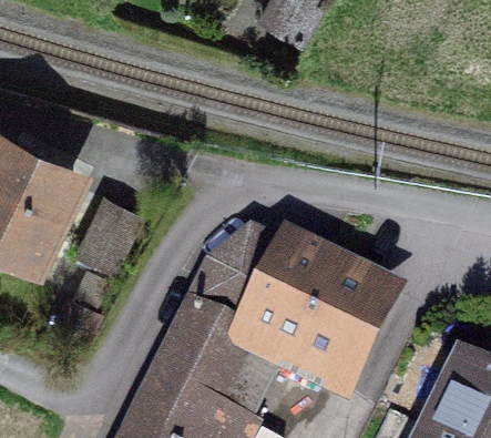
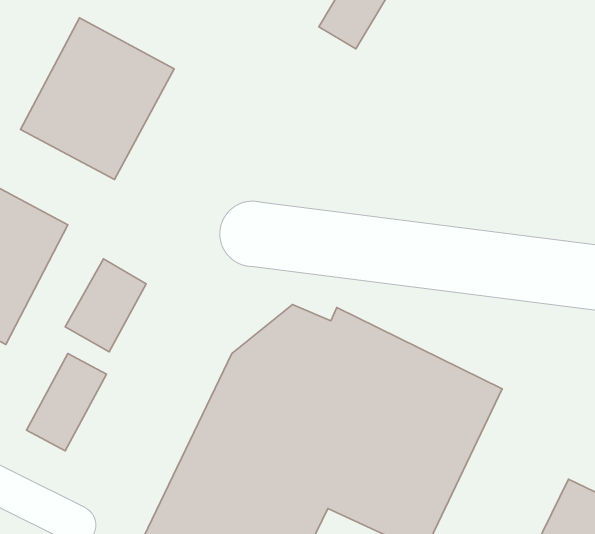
building: none -> [20,18,174,179]

